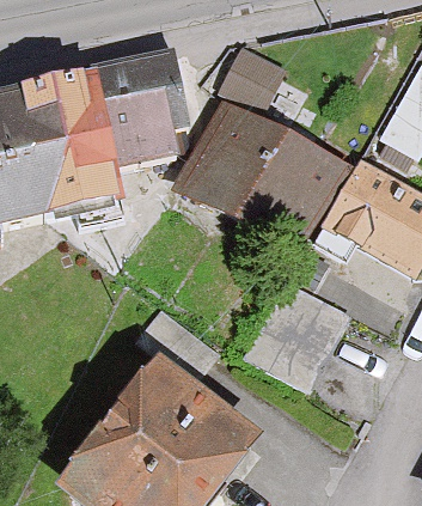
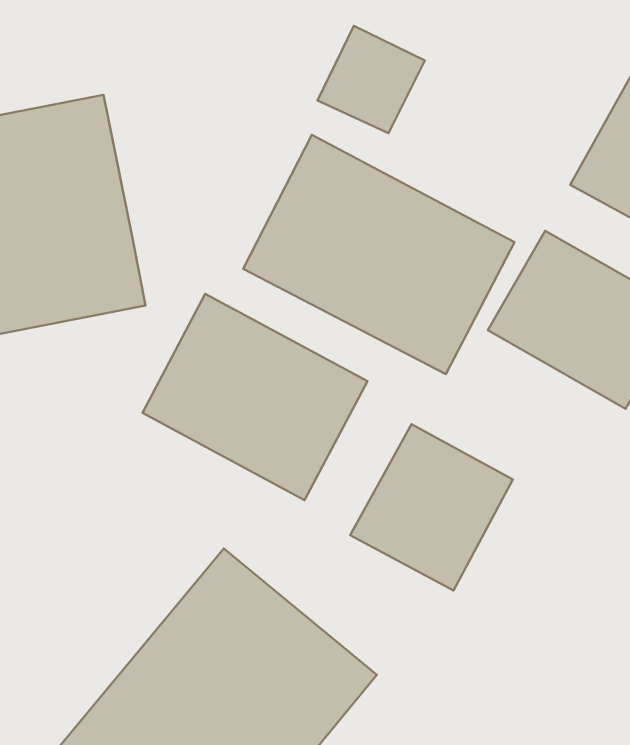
building: [86,44,172,164] -> none
building: none -> [142,294,368,500]

